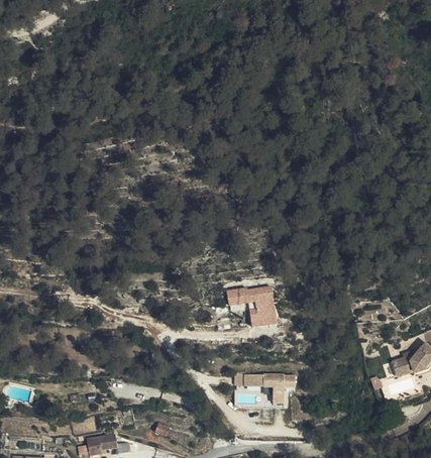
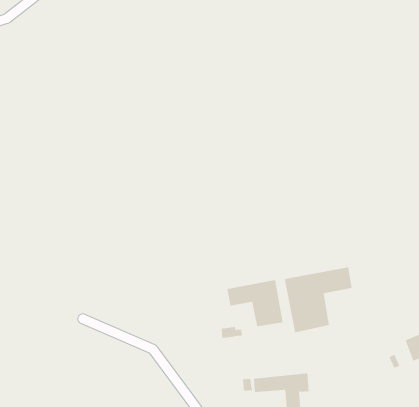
building: none -> [284,266,352,333]

